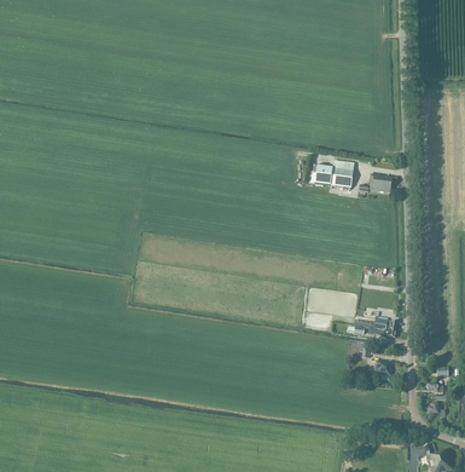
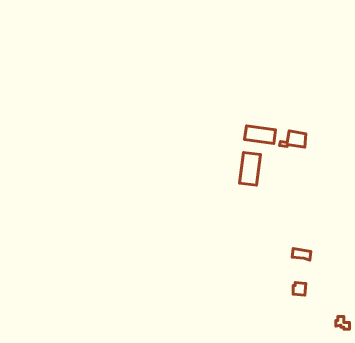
building: none -> [239,152,261,185]

